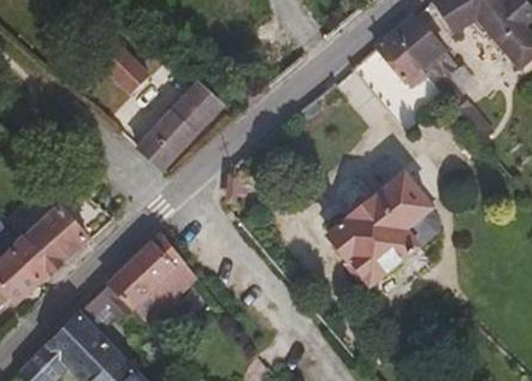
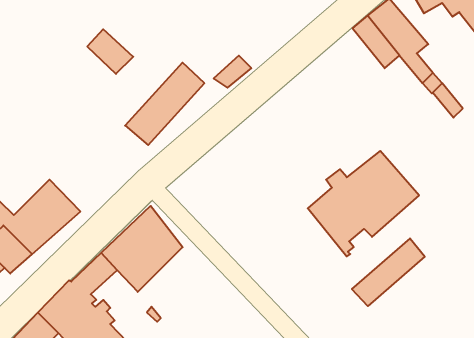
building: none -> [352,238,425,306]

